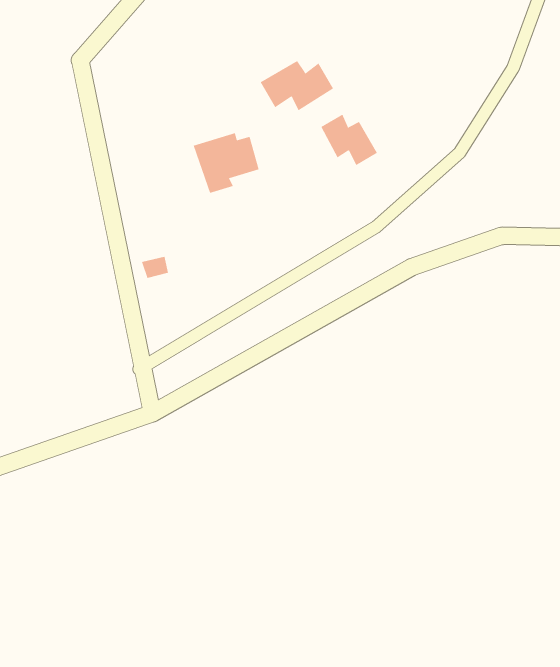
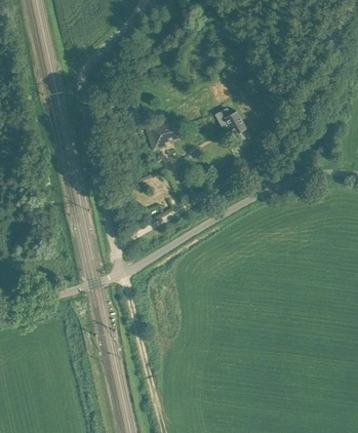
building: [260,60,334,111] -> none

